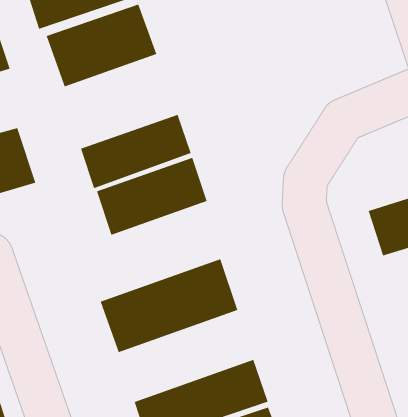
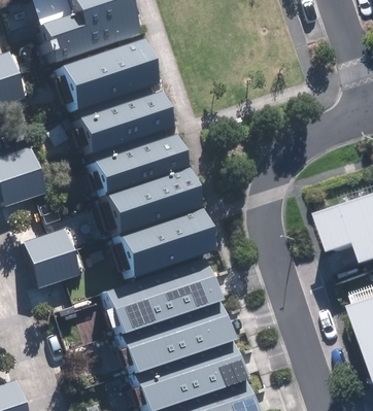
building: none -> [72,93,165,157]
building: none -> [110,211,207,280]
building: none -> [25,227,81,286]
building: none -> [116,303,231,374]

